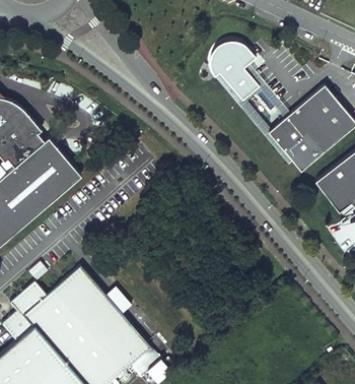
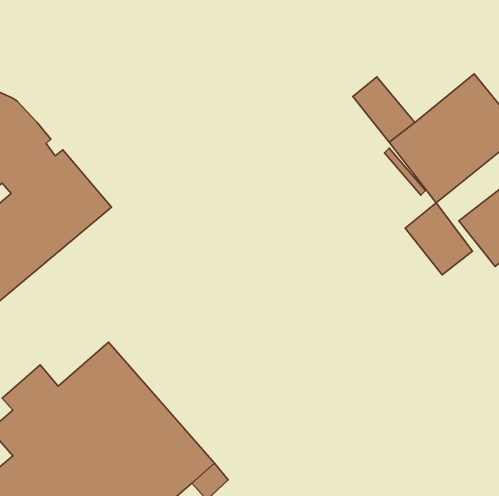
building: [209,41,260,100] -> none
building: none -> [405,203,473,275]

